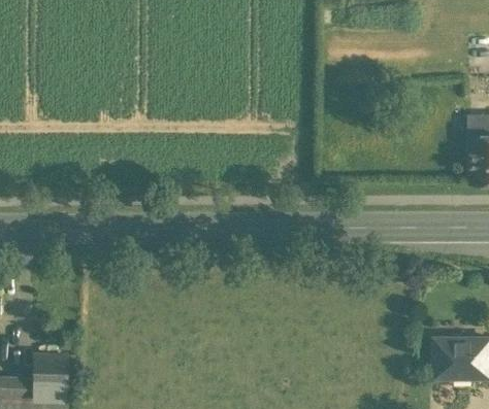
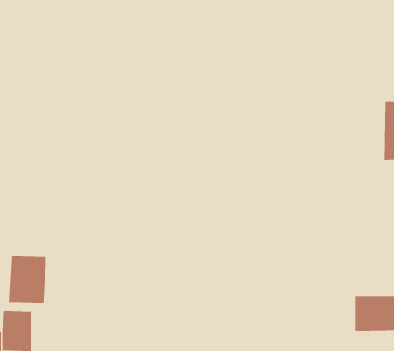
building: none -> [8,255,46,304]

